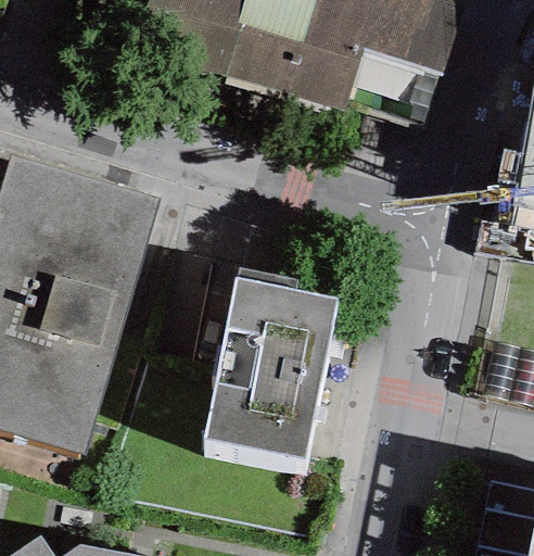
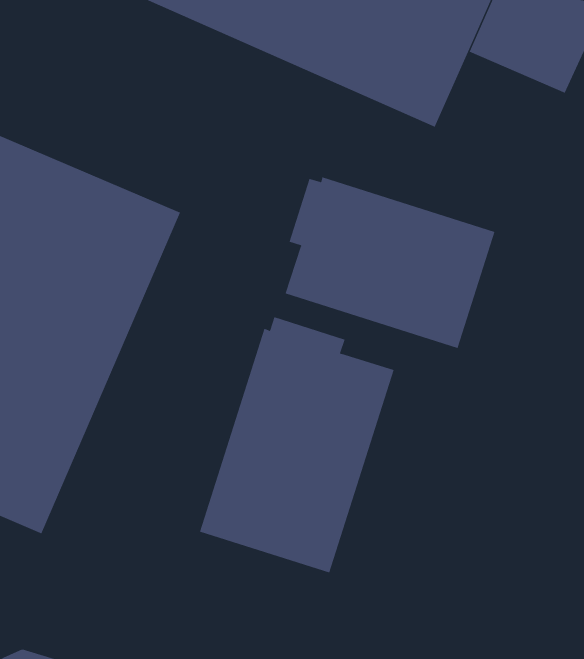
building: none -> [285,177,495,349]

